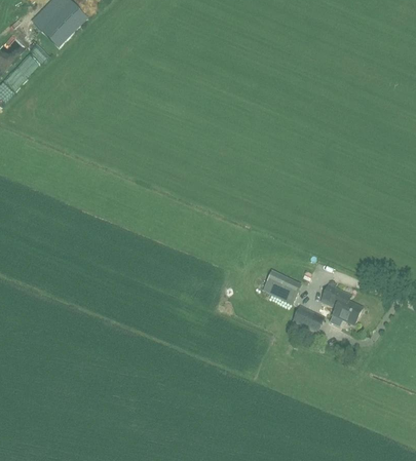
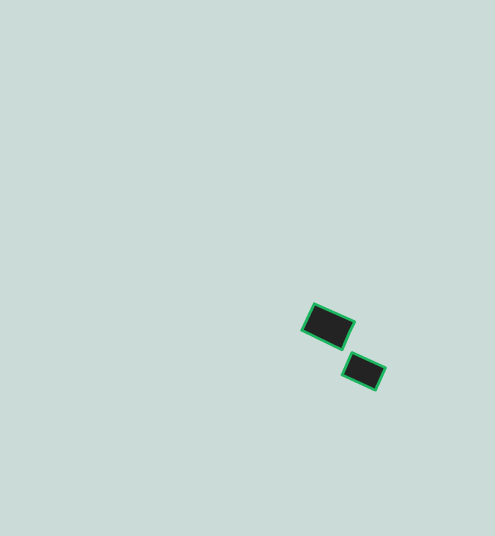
building: [320,284,362,324] -> none

